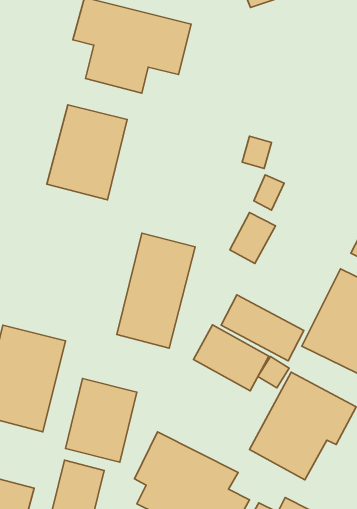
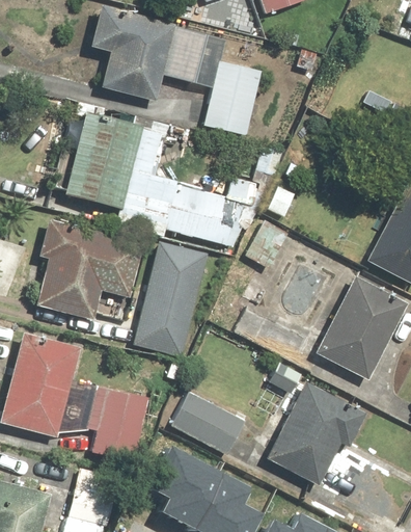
building: none -> [204,60,262,136]
building: none -> [117,128,259,247]
building: none -> [36,220,146,320]
building: [194,325,269,391] -> [171,391,246,456]

